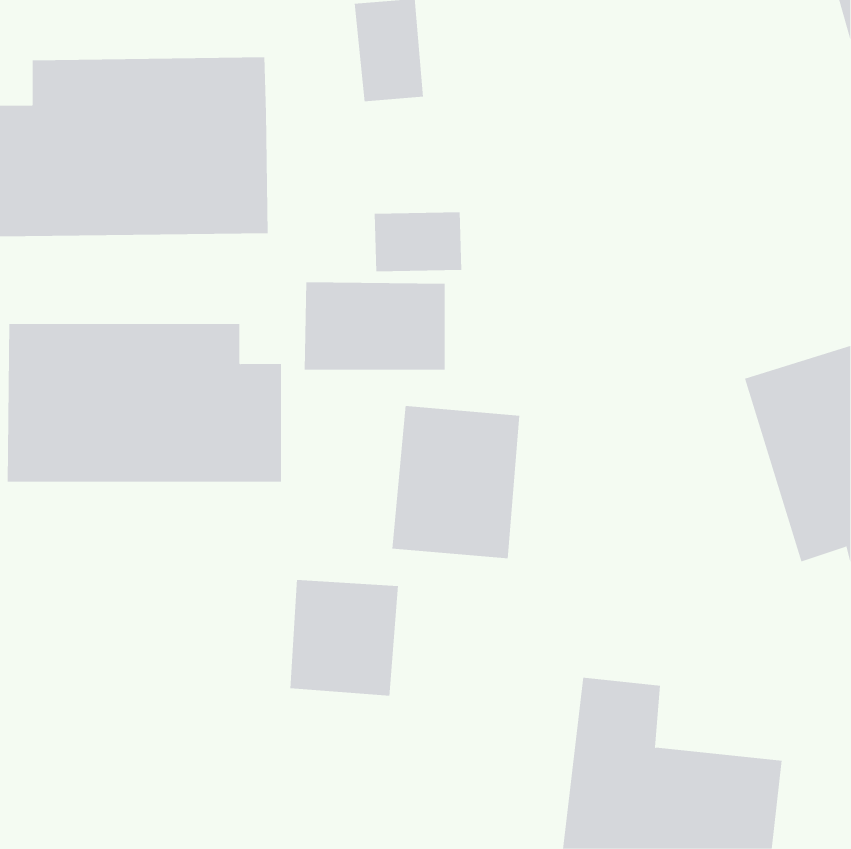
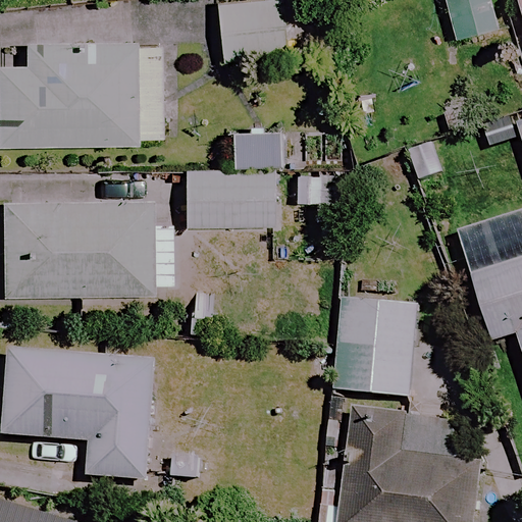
building: [392,405,520,559] -> [335,305,414,399]
building: none -> [5,350,158,481]
building: [290,579,398,696] -> none

